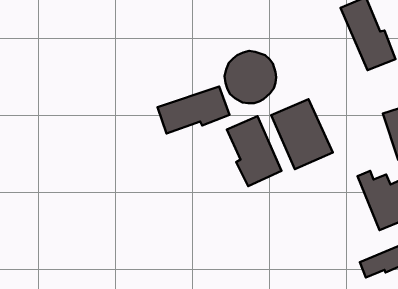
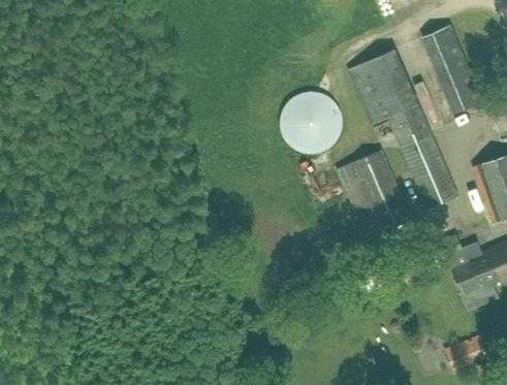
building: none -> [349,47,458,208]
building: [158,87,230,133] -> none
building: [227,116,281,186] -> none

